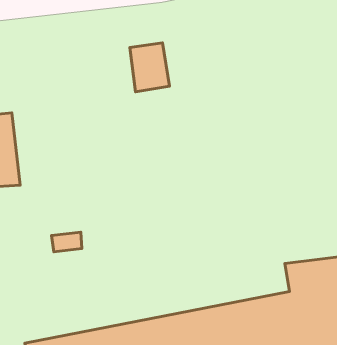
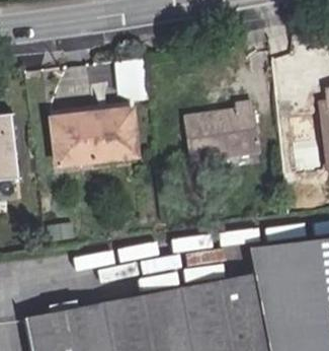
building: none -> [182,102,259,160]
building: none -> [51,111,134,164]

